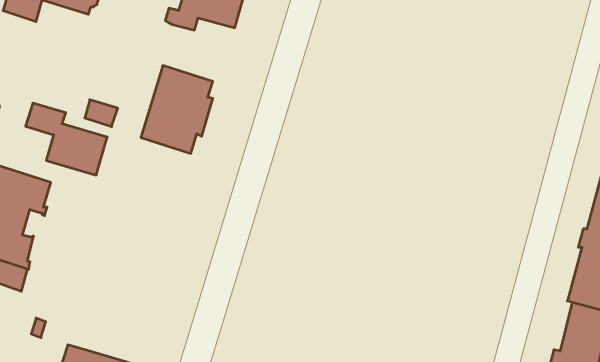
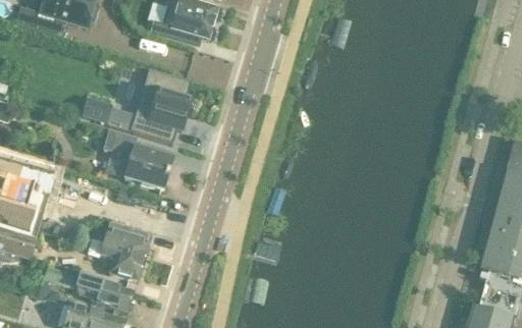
building: [26,103,107,175] -> [103,128,171,188]
building: none -> [100,220,148,278]
building: none -> [43,265,134,311]

